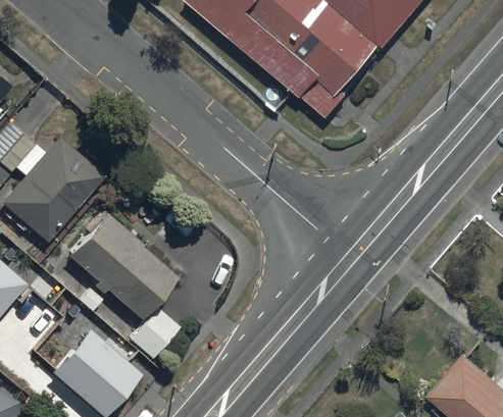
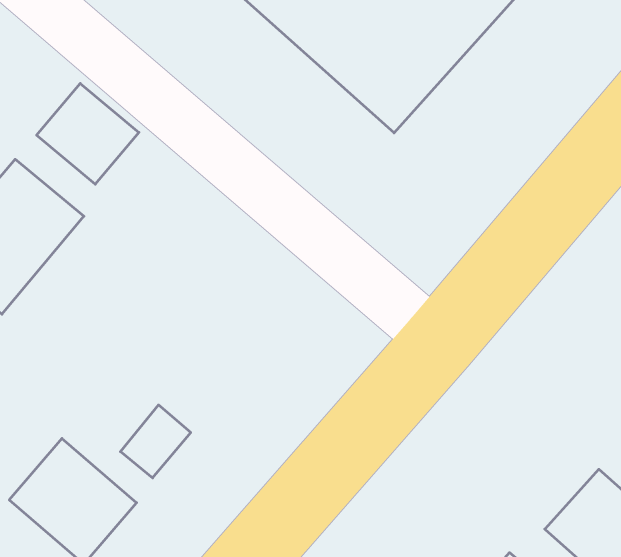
building: none -> [37,83,139,184]
building: [64,212,178,318] -> none

